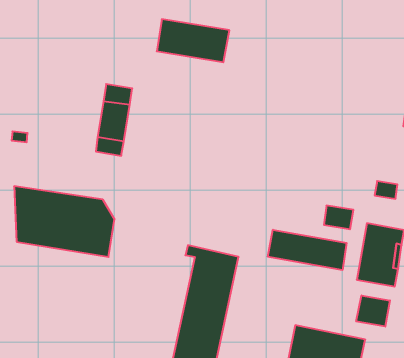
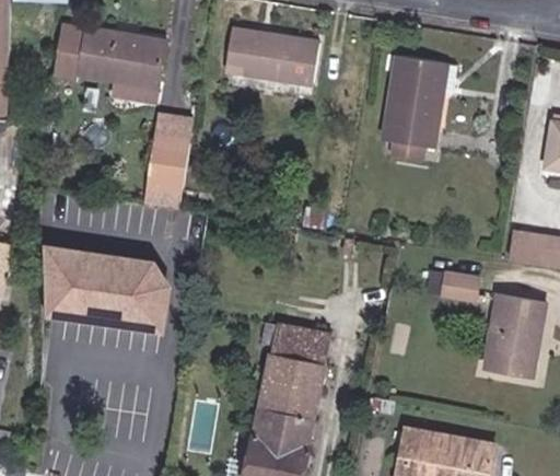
building: none -> [56,25,164,102]
building: none -> [383,54,446,160]
building: [268,230,347,270] -> none
building: [356,295,390,327] -> none

